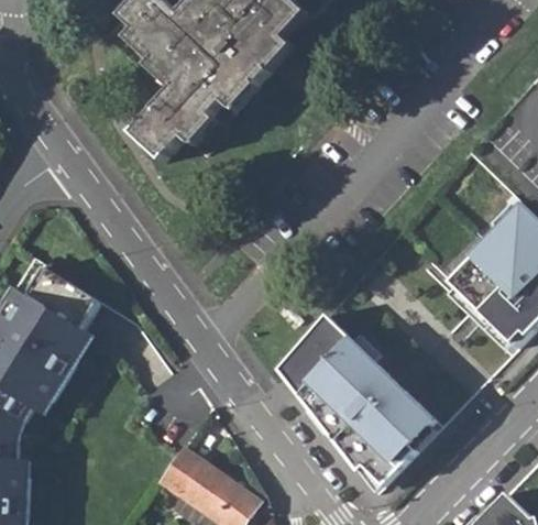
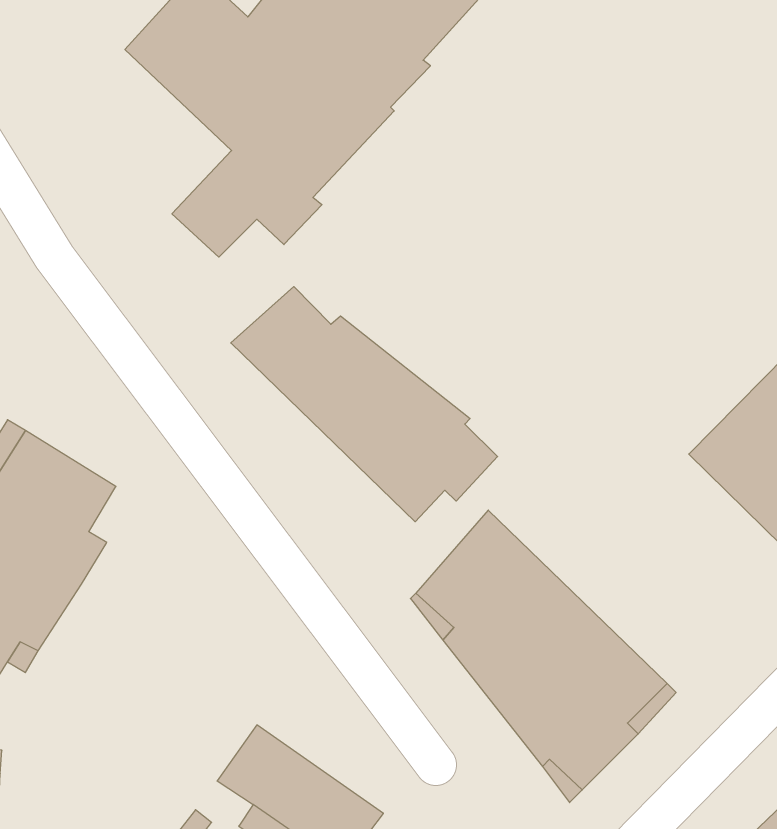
building: none -> [231,287,498,522]

